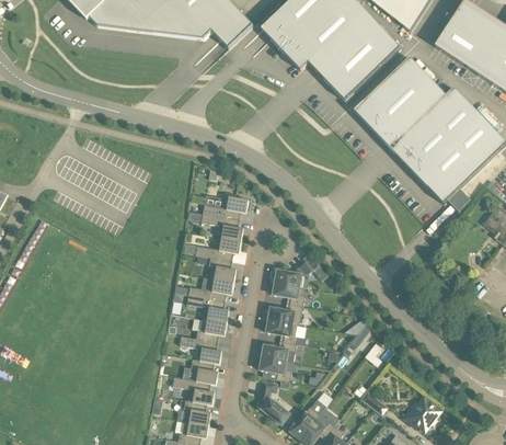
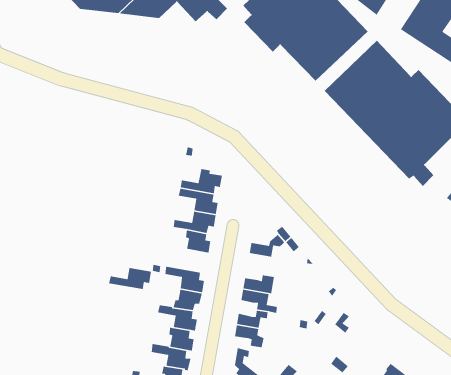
building: [187,276,233,300] -> [108,267,152,290]
building: [273,281,304,305] -> none

